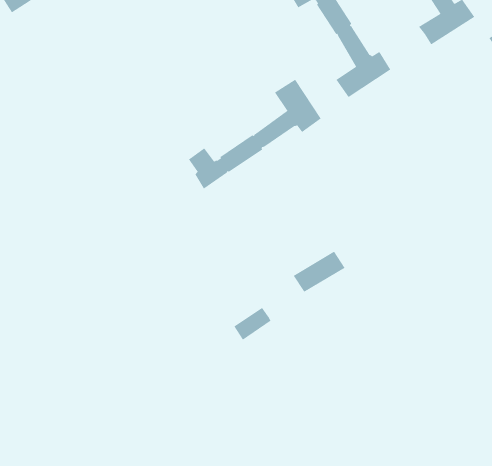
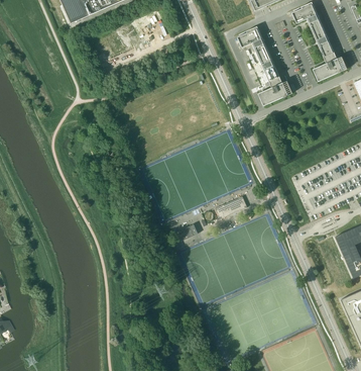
building: [188,79,322,189] -> none

